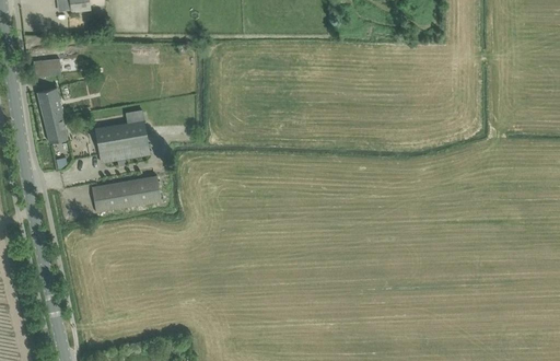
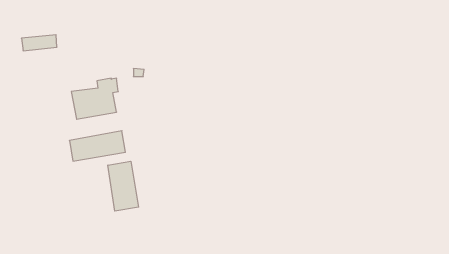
building: [37,88,67,142] -> none
building: none -> [108,161,139,211]

